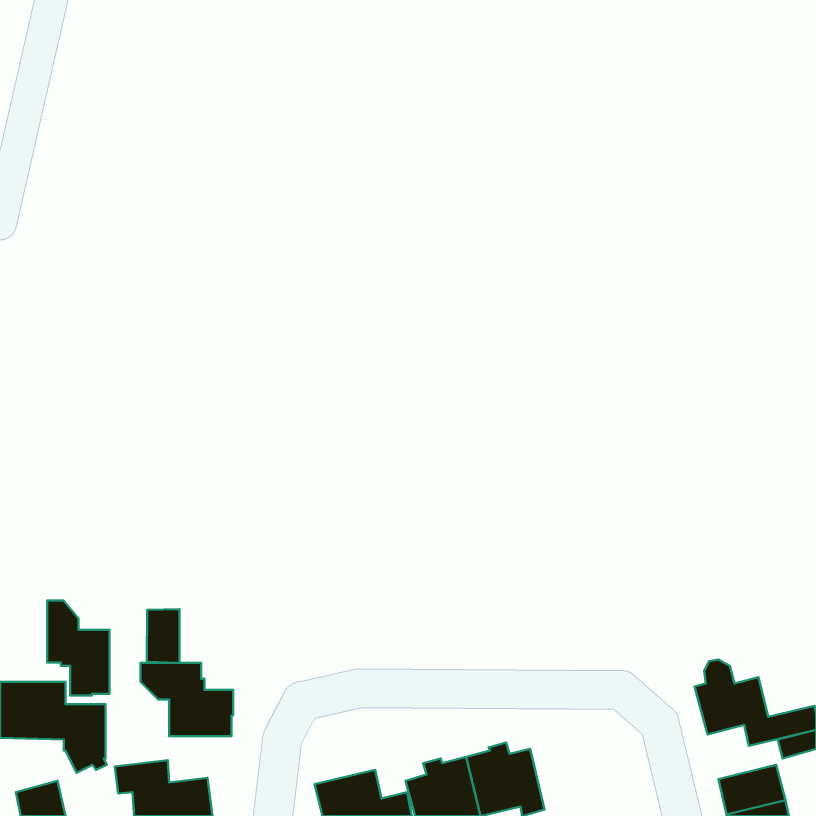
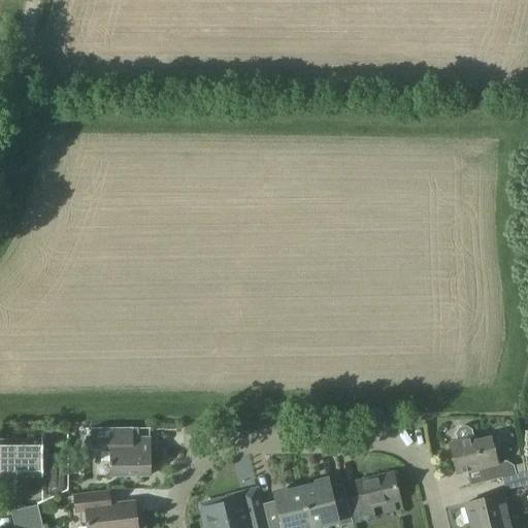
building: [47,600,110,695] -> none
building: [147,609,179,663] -> none
building: none -> [346,472,399,523]

